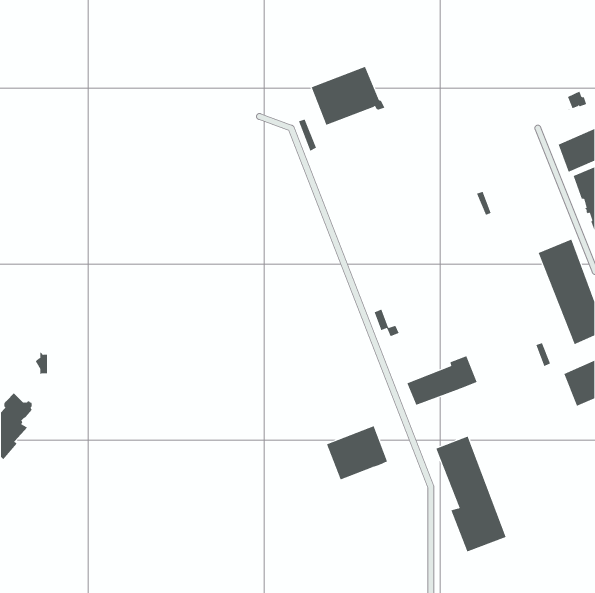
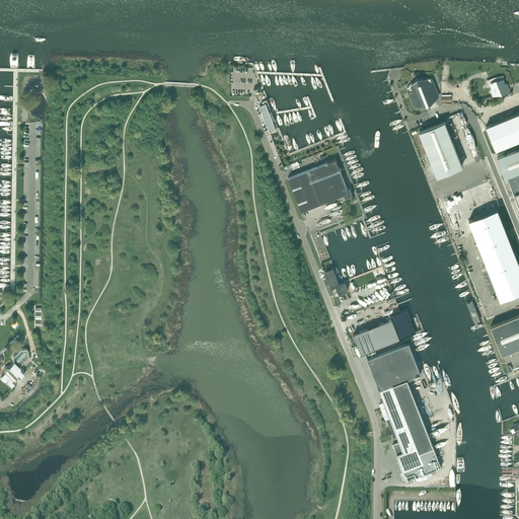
building: [311,66,385,125] -> [288,161,353,213]
building: none -> [407,80,438,108]
building: none -> [419,124,462,177]
building: [326,425,388,480] -> [367,345,421,392]

